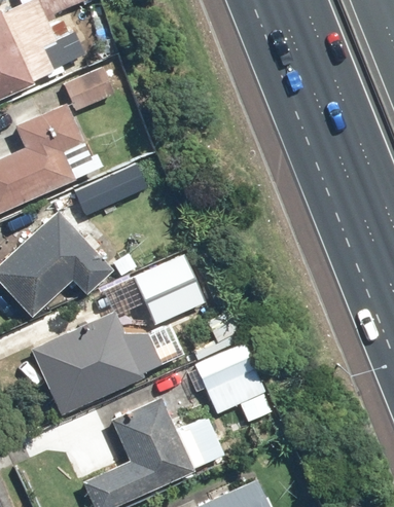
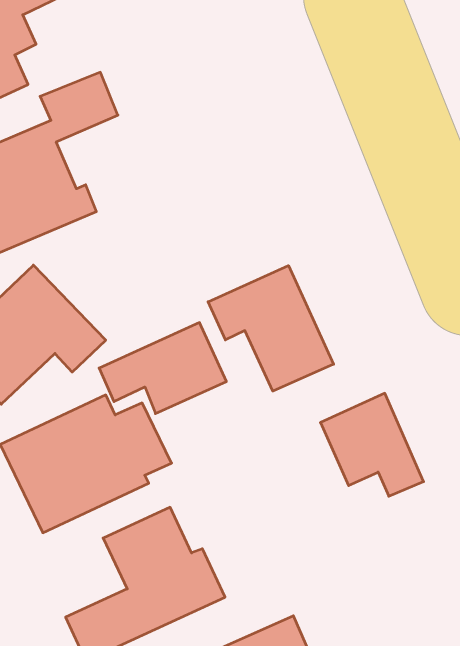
building: [71,165,146,217] -> none
building: none -> [208,266,334,391]
building: [194,343,274,423] -> [320,393,424,496]

